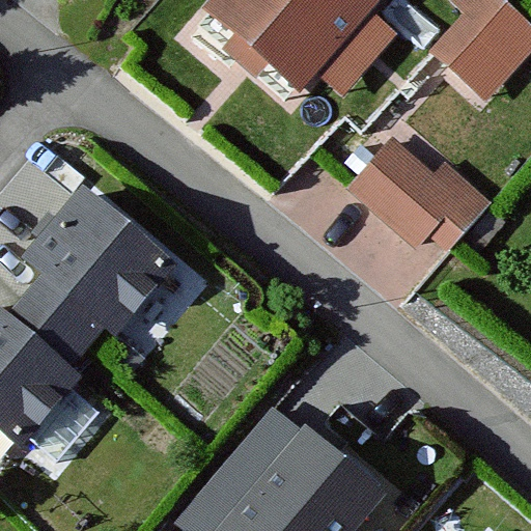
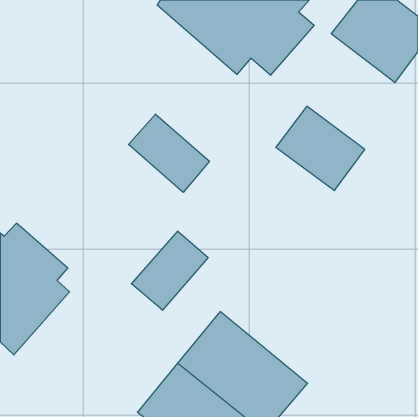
building: none -> [129,114,210,192]
building: [21,179,179,341] -> none
building: none -> [131,231,208,310]

